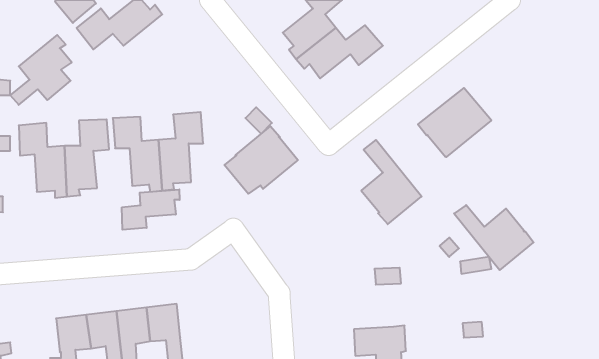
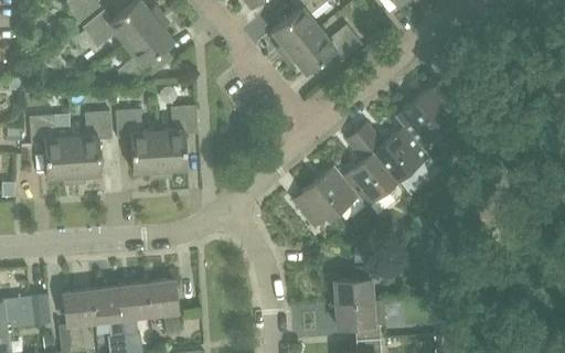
building: [10,35,72,105] -> [117,15,173,79]
building: [224,126,298,194] -> [291,165,359,227]
building: [122,189,180,230] -> none
building: [454,205,534,270] -> [355,122,428,182]
building: none -> [333,266,375,303]
building: none -> [24,293,51,325]

